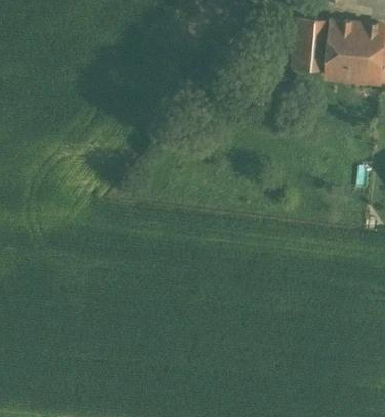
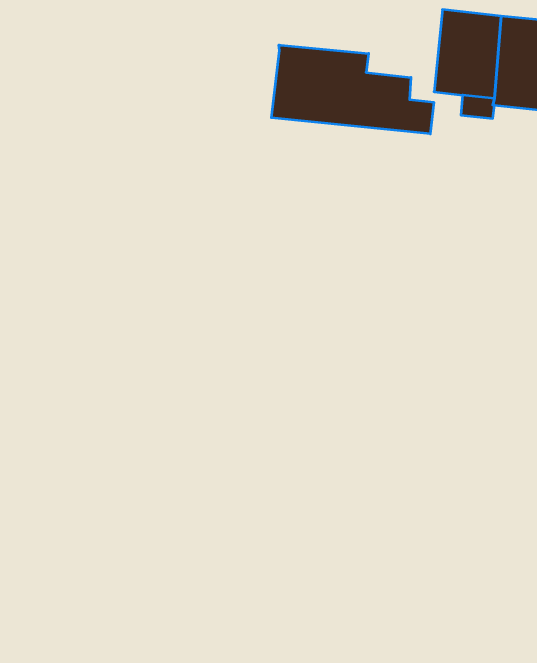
building: none -> [271,45,434,134]

